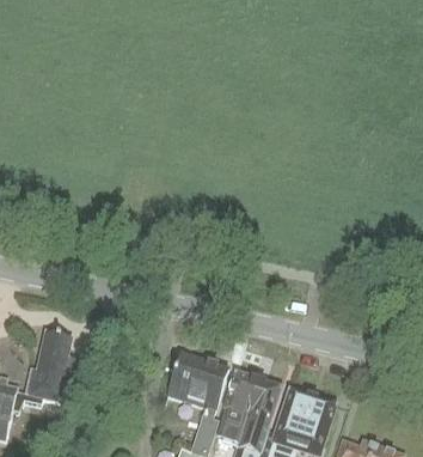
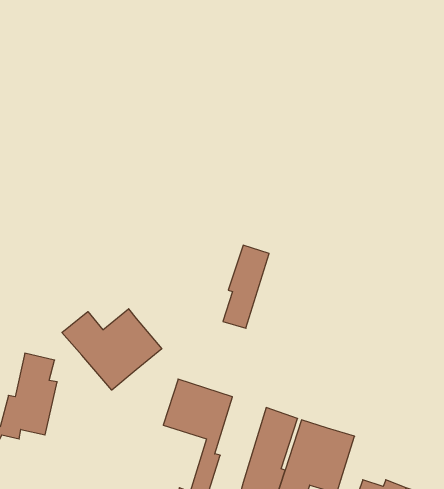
building: none -> [62,309,162,390]
building: [217,371,258,444] -> [223,245,269,328]

